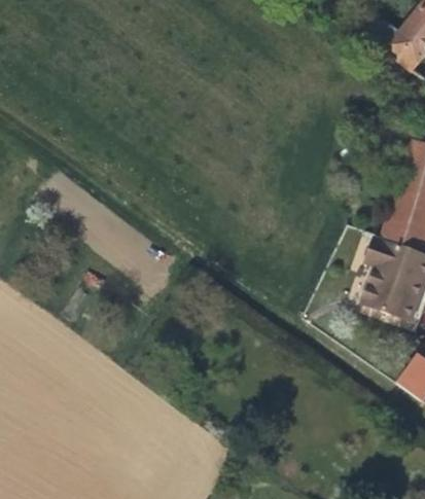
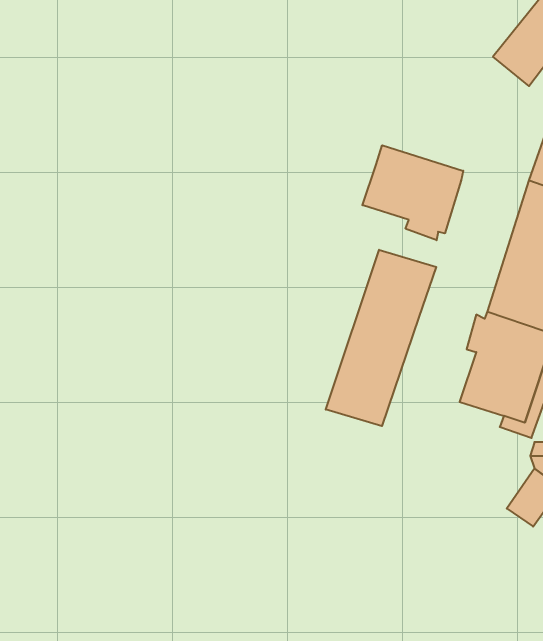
building: none -> [362,145,463,240]
building: none -> [326,250,436,426]

